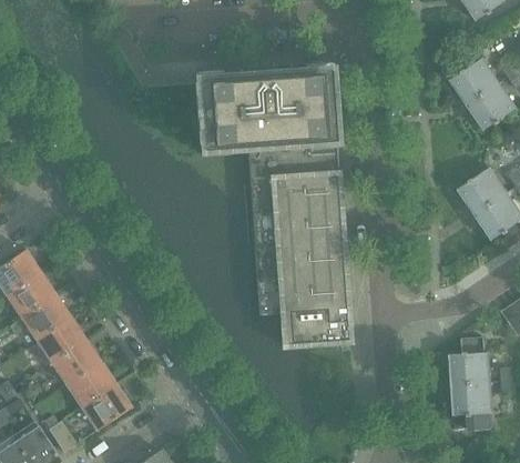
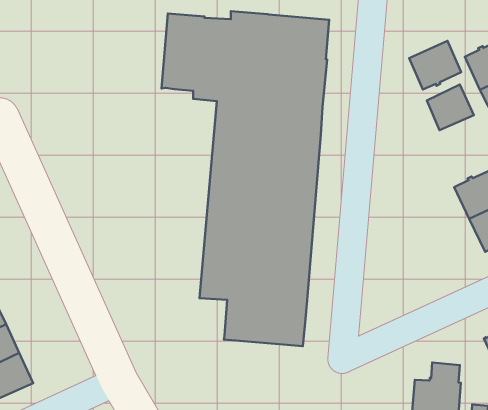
building: none -> [409,41,461,90]
building: none -> [427,85,474,130]

